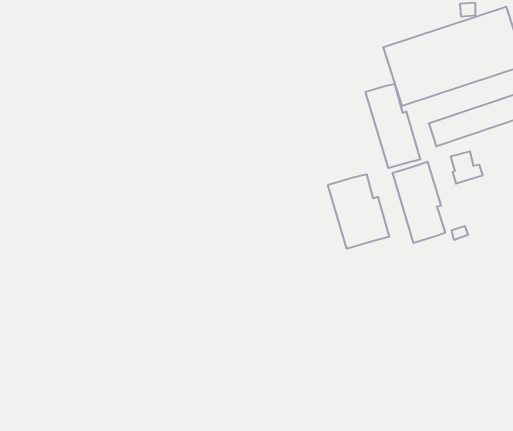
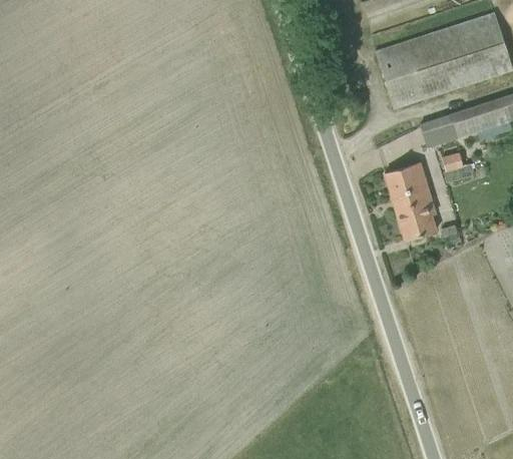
building: [366,84,420,168] -> none
building: [328,174,389,249] -> none

